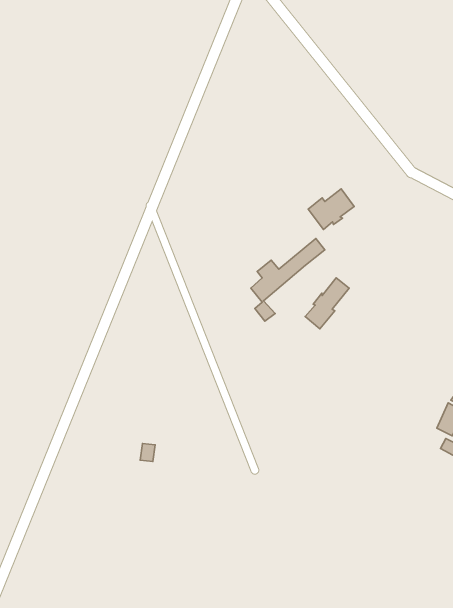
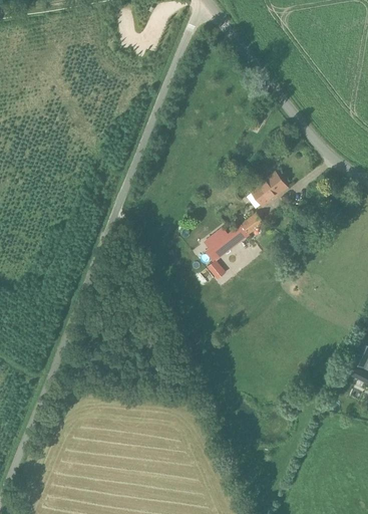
building: [305,278,349,329] -> none

